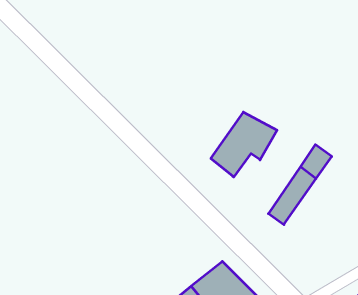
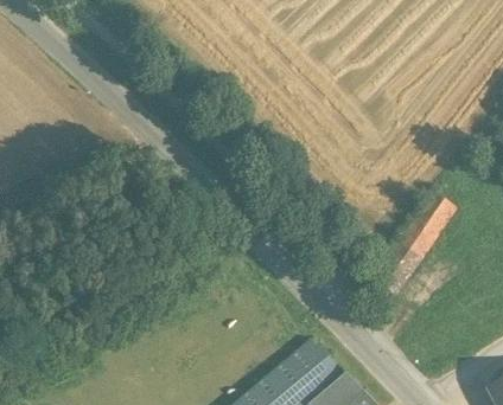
building: [211,112,277,177] -> none

